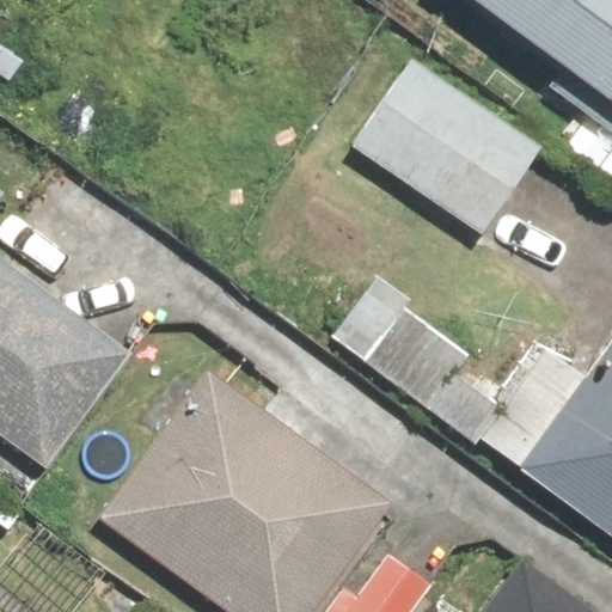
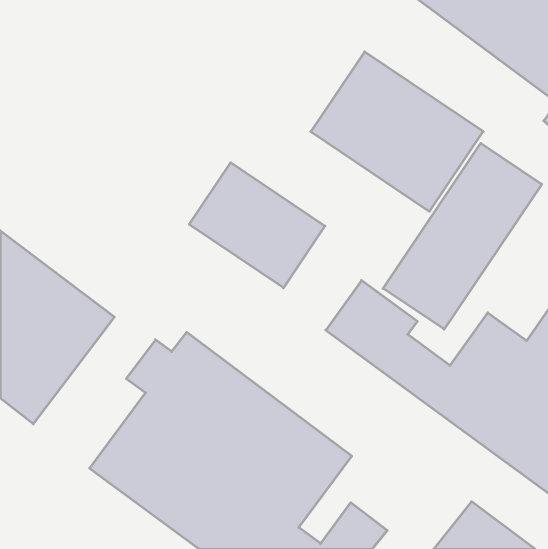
building: none -> [383,143,542,329]
building: none -> [189,163,325,288]

